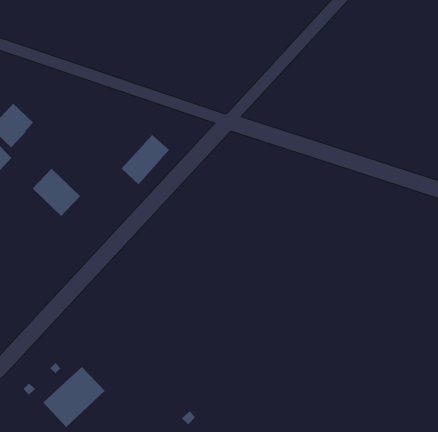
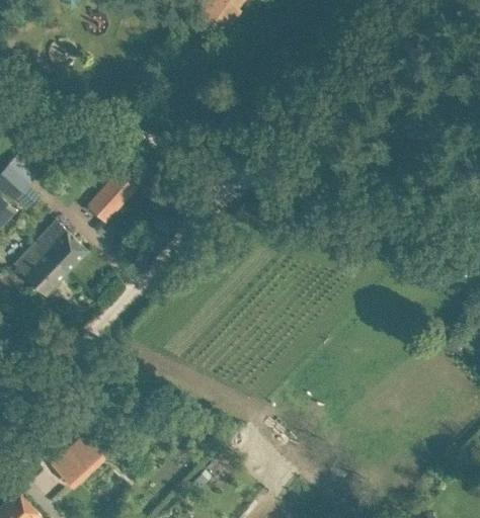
building: [121,134,170,185] -> [85,172,136,225]
building: none -> [12,244,65,296]

